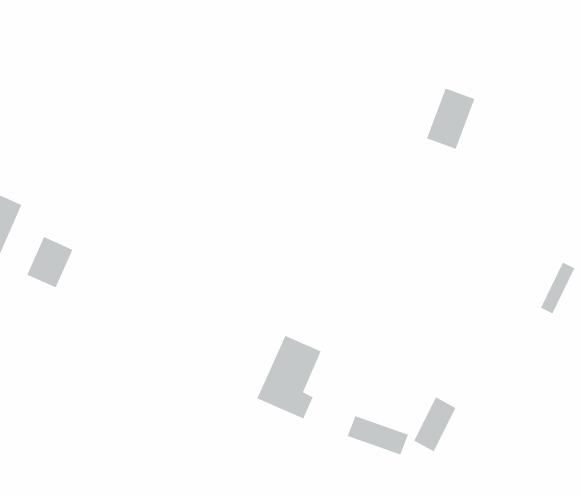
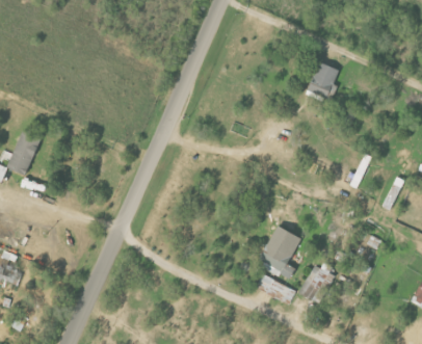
building: [27,236,73,288] -> none
building: [256,335,321,419] -> [258,224,300,280]

